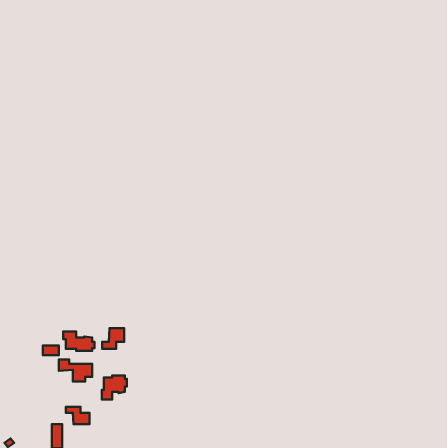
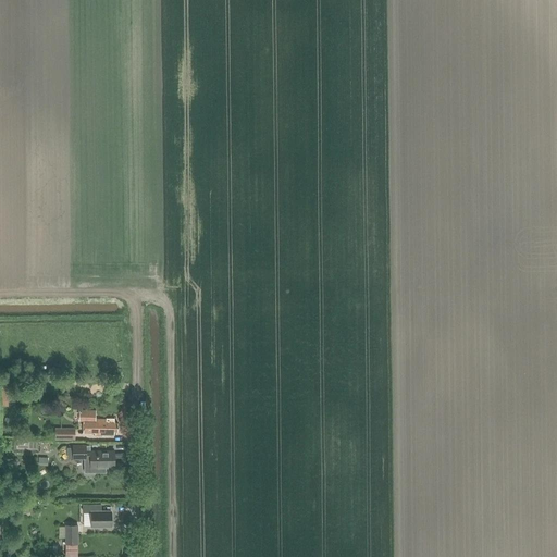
building: [102,328,124,349] -> none
building: [102,375,127,400] -> none

